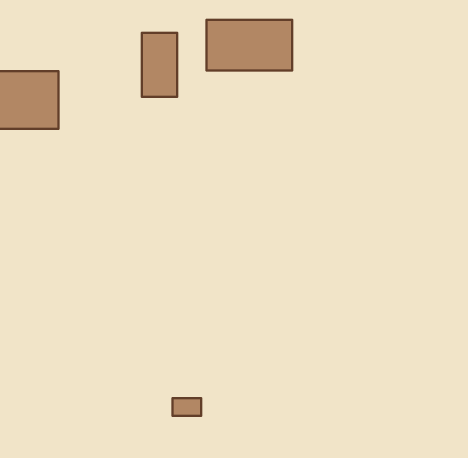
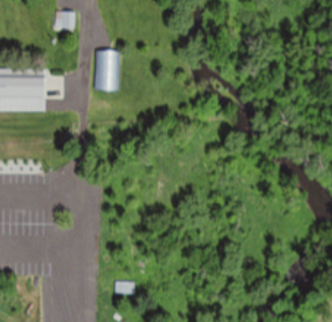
building: [207,20,292,70] -> none

